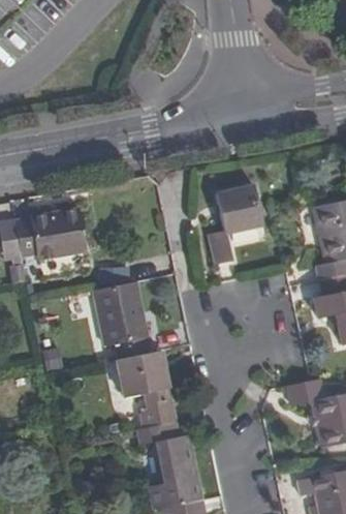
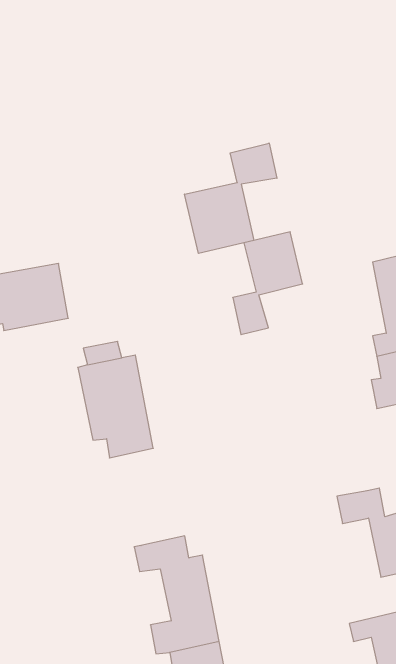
building: none -> [185,143,277,253]
building: [116,346,174,422] -> none

